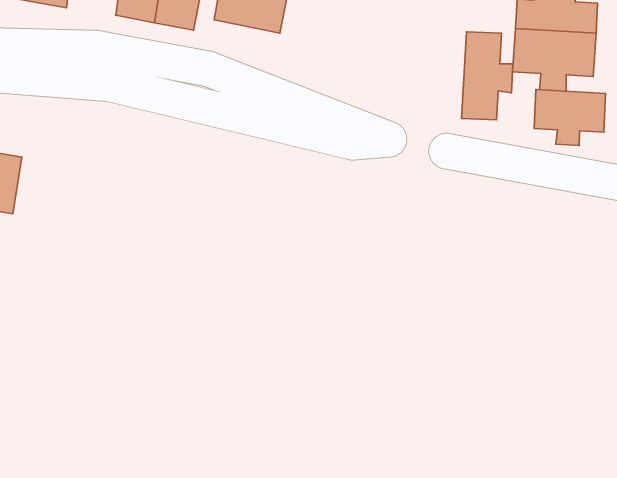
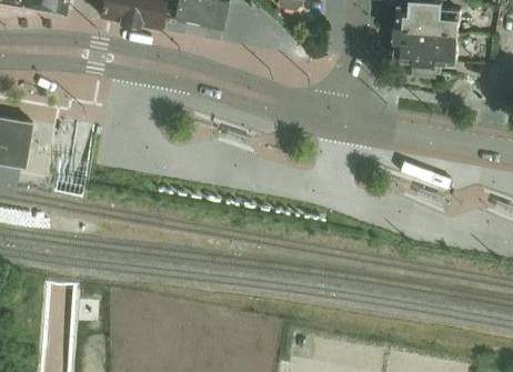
building: [462,32,513,120] -> none
building: [534,90,606,146] -> none

